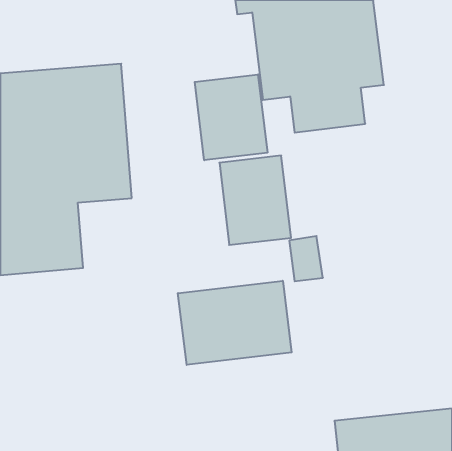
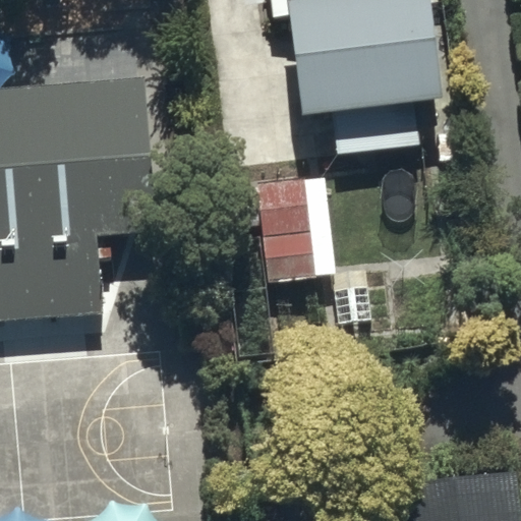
building: [195,74,267,160] -> none
building: [178,281,292,365] -> none

